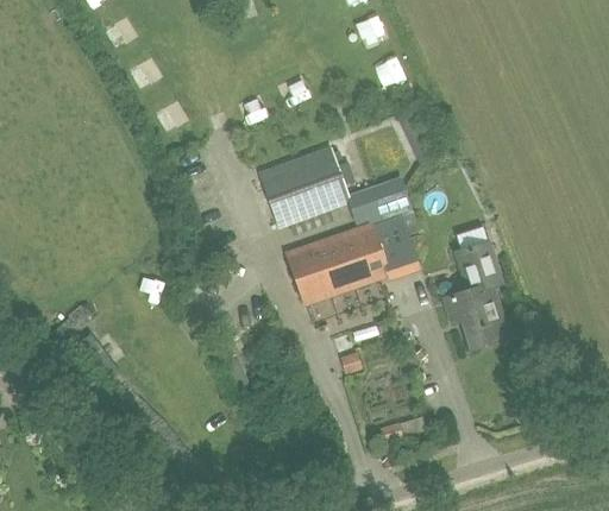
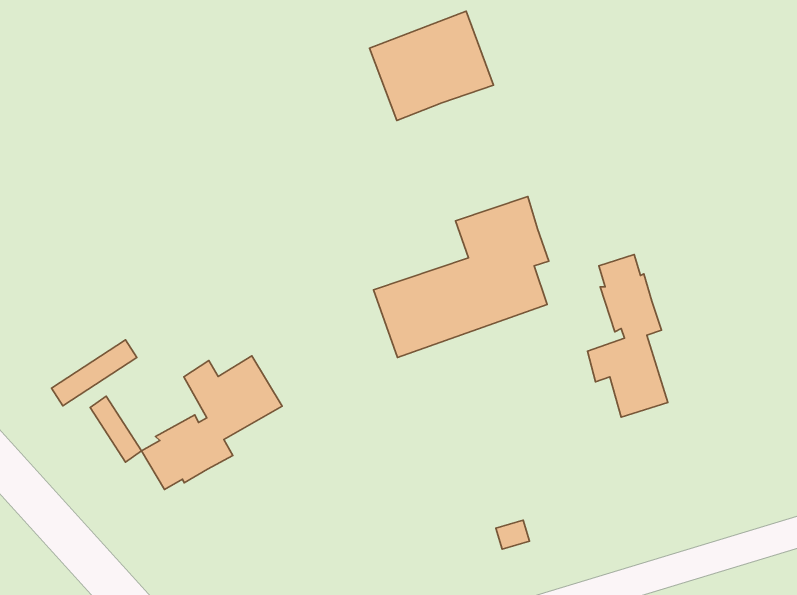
building: [257,146,349,227] -> [370,11,493,121]
building: none -> [142,356,282,489]

